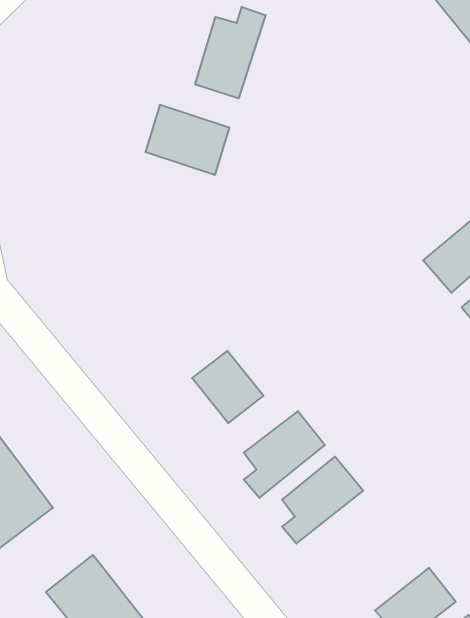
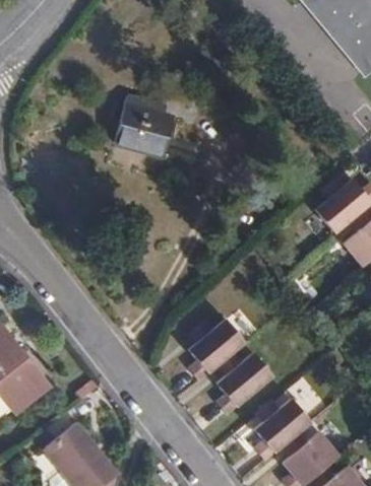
building: [195,7,266,98] -> none
building: [192,351,263,423] -> none
building: none -> [253,398,310,460]

